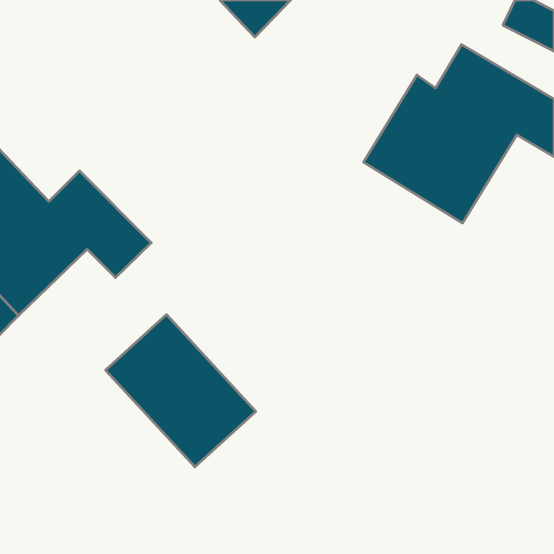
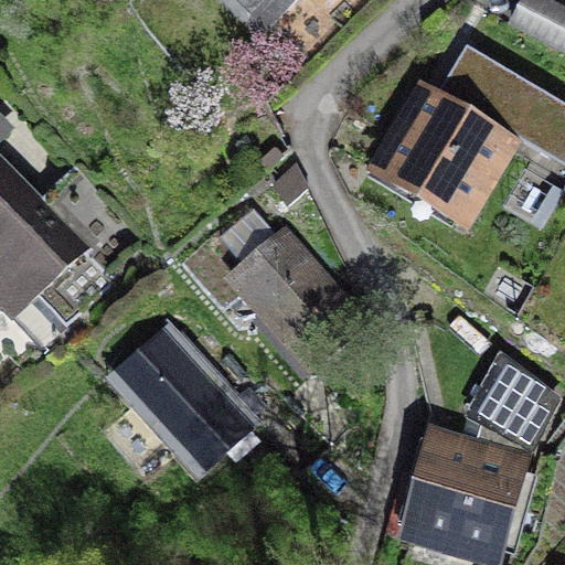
building: none -> [224,227,365,373]
building: none -> [397,371,553,554]

